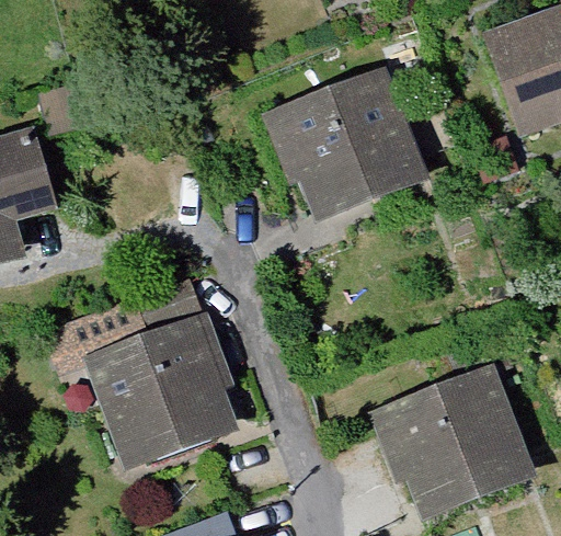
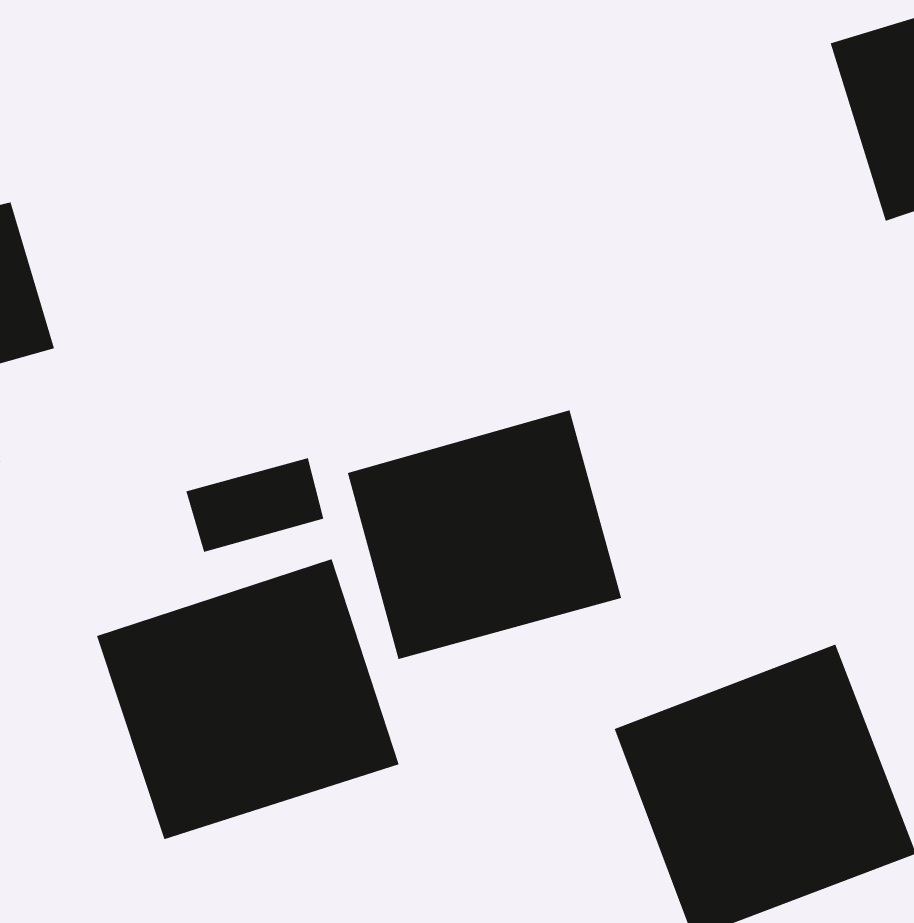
building: [263,62,431,227] -> none
building: none -> [347,410,622,660]

